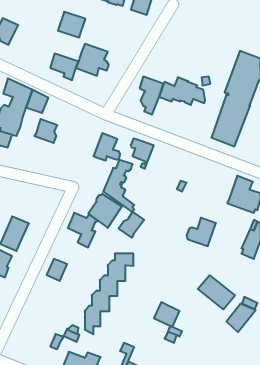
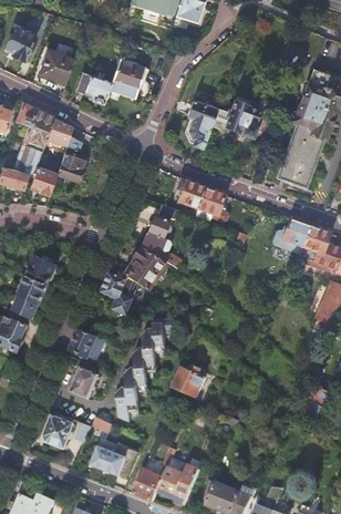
building: [58,12,85,37] -> [38,51,72,83]
building: none -> [29,167,55,195]
building: [93,133,120,160] -> [193,187,226,222]
building: none -> [27,257,56,285]
building: [119,212,144,238] -> none
building: [187,218,216,246] -> [271,218,308,254]
building: [198,275,235,309] -> none
building: none -> [70,367,97,399]
building: [154,302,180,327] -> [173,367,205,398]
building: none -> [44,412,73,448]

